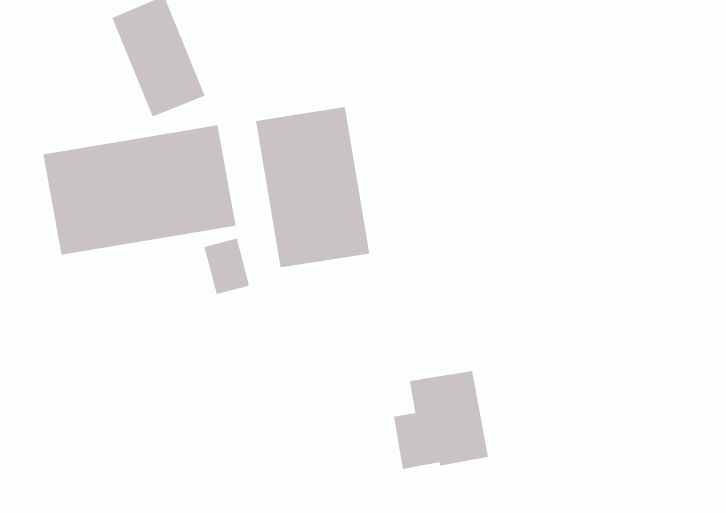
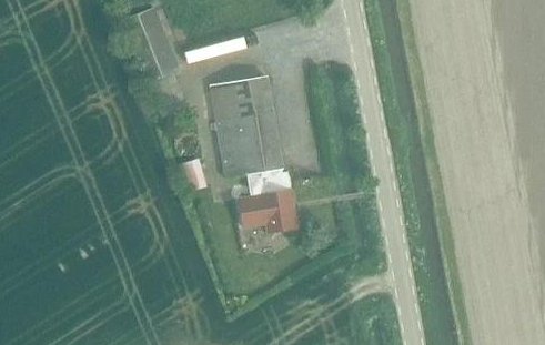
building: [43,124,236,256] -> none
building: [393,370,489,470] -> [240,171,300,233]

